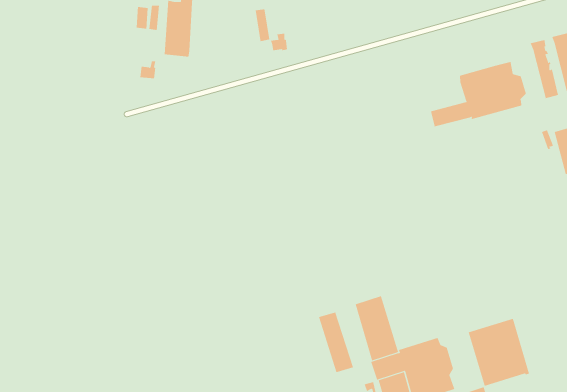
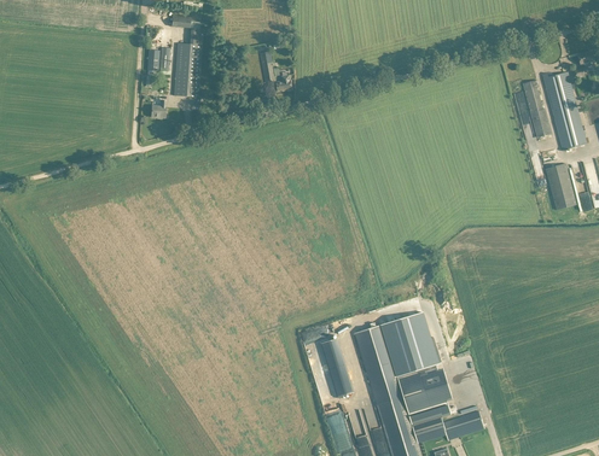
building: [431,61,526,128] -> none
building: [468,318,530,387] -> [380,310,440,375]

